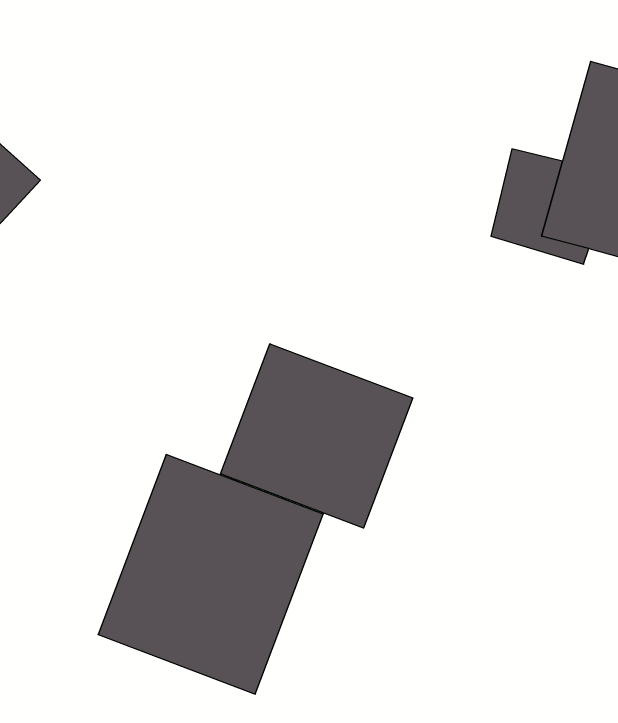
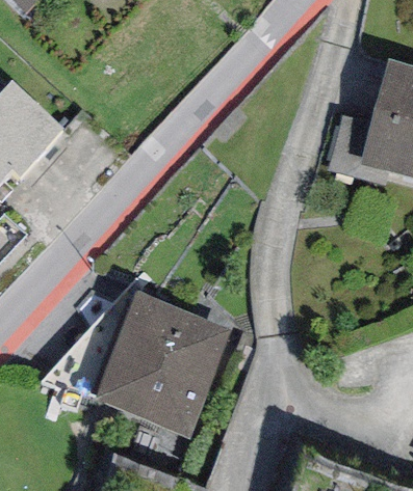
building: [221,344,413,528] -> none

